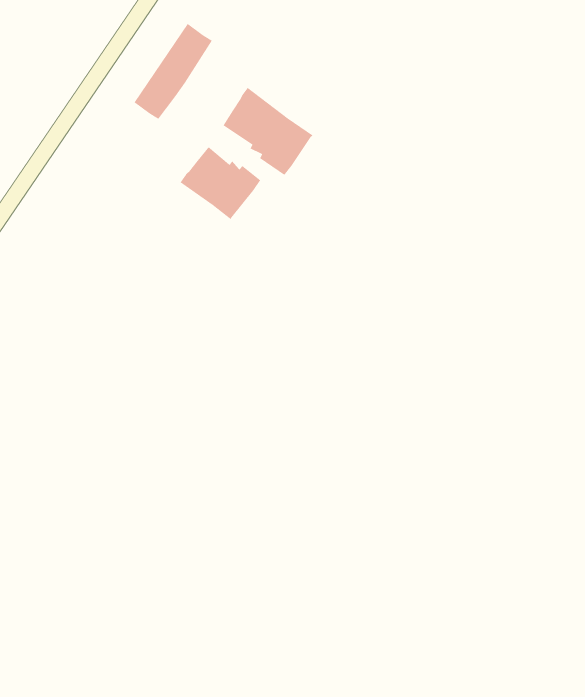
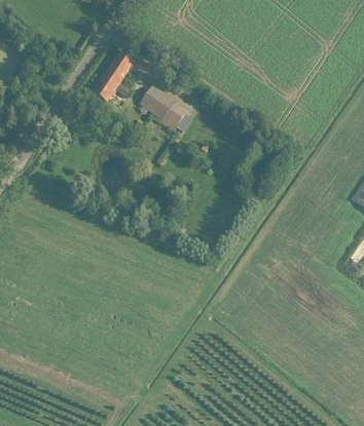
building: [179,146,261,220] -> none

